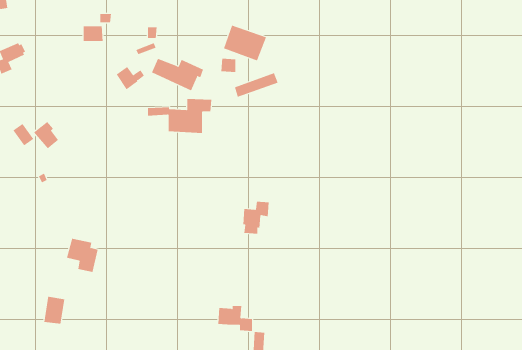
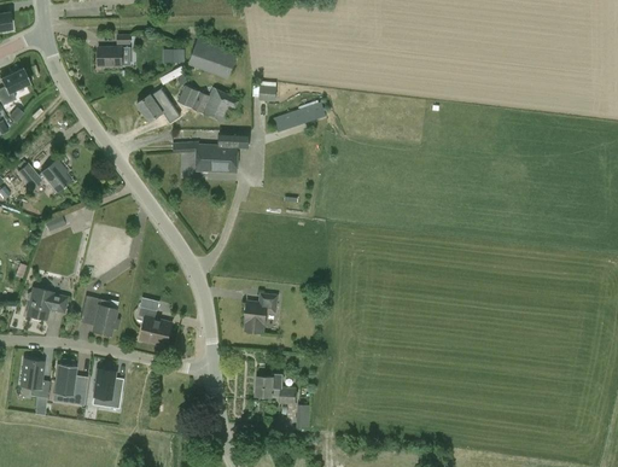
building: [223,25,267,61] -> [188,36,239,78]
building: [243,201,270,234] -> [240,294,272,333]
building: none -> [25,287,66,320]
building: none -> [138,307,171,346]
building: none -> [19,360,48,397]
building: none -> [93,369,122,409]

